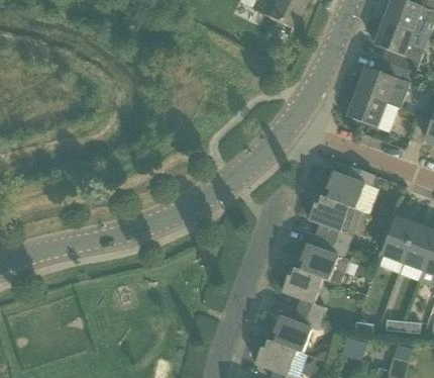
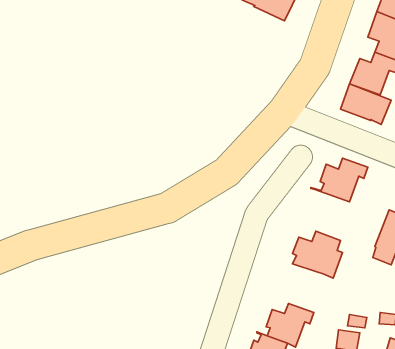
building: [309,196,360,247] -> none
building: [282,266,325,318] -> none

